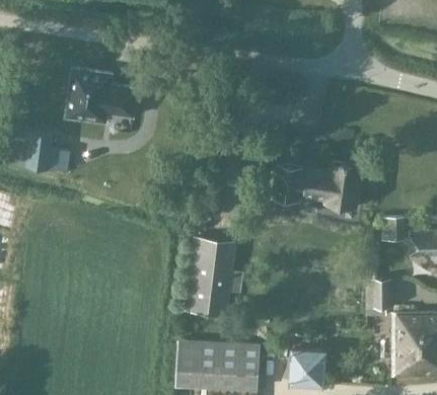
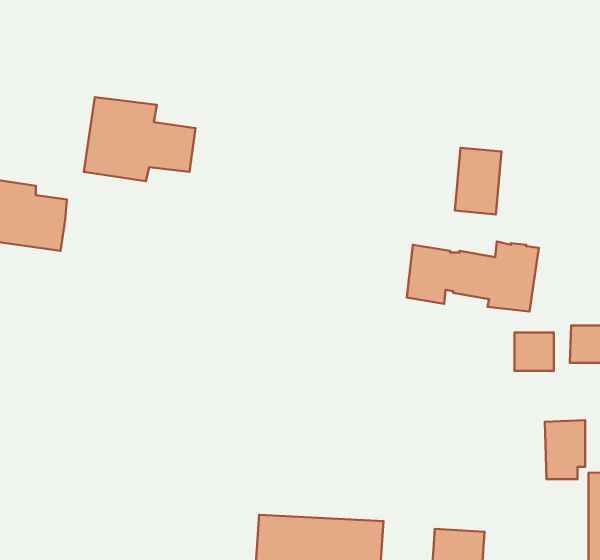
building: none -> [455,148,501,214]
building: none -> [514,332,554,371]
building: [184,237,243,318] -> none

